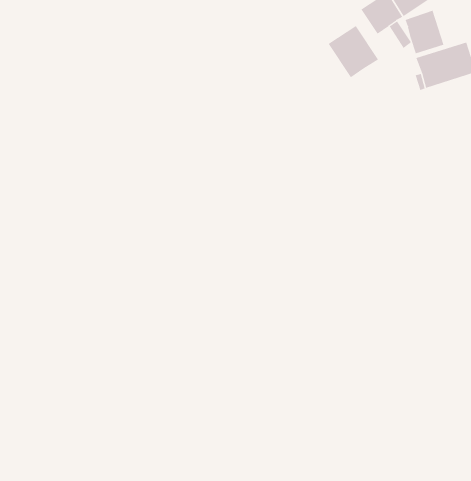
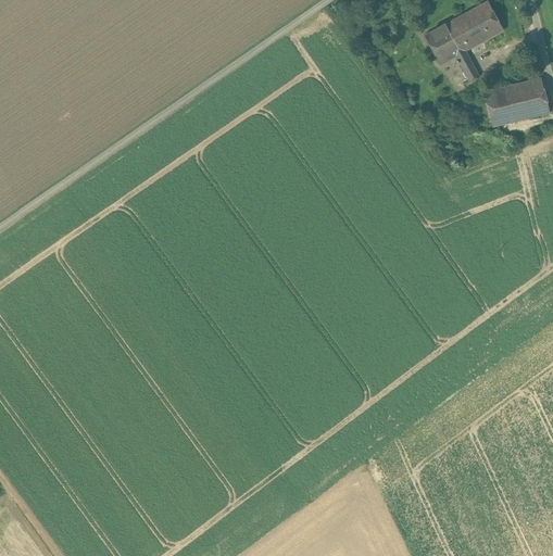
building: [405,10,444,54] -> none
building: [328,25,379,78] -> none

